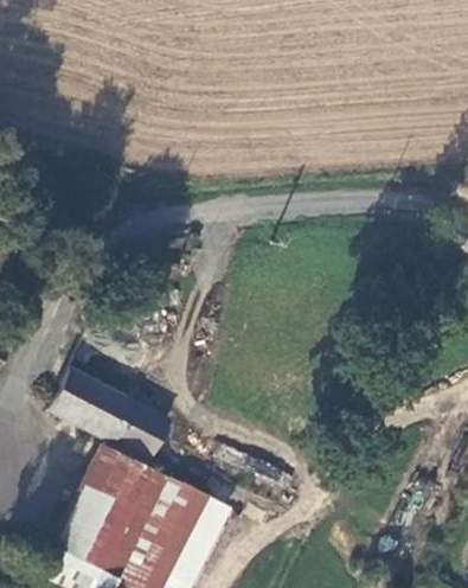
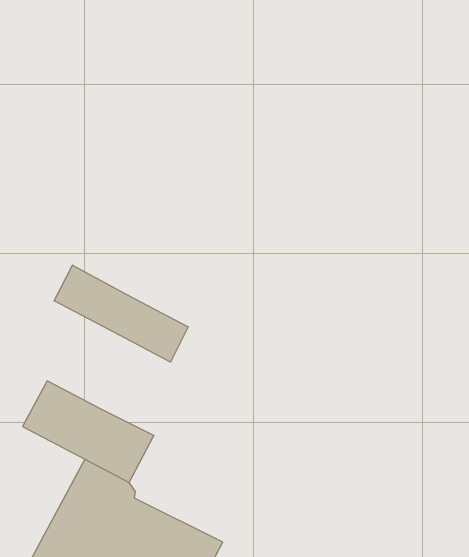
building: none -> [54,265,188,362]

